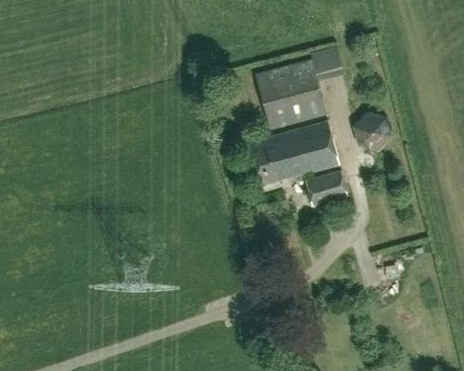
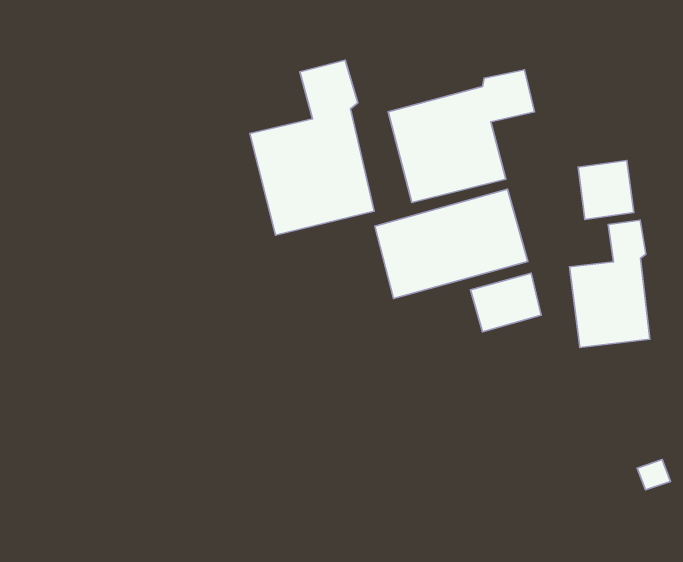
building: none -> [250,60,374,235]
building: none -> [570,220,650,348]

